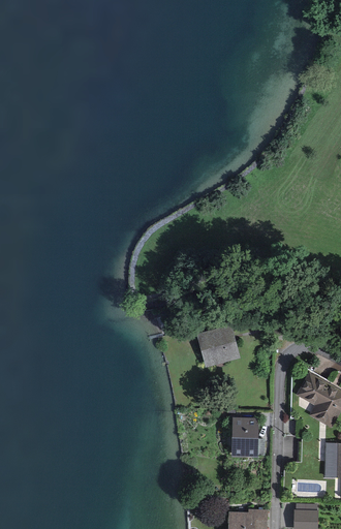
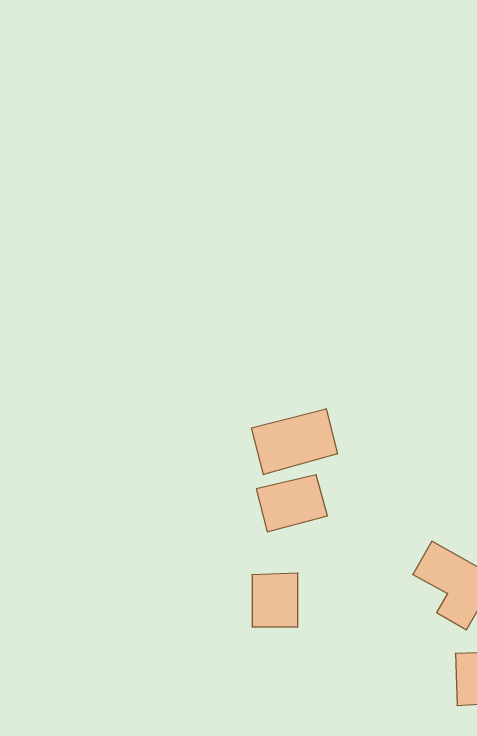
building: none -> [252,409,337,475]
building: [229,417,259,453] -> [252,573,298,627]

